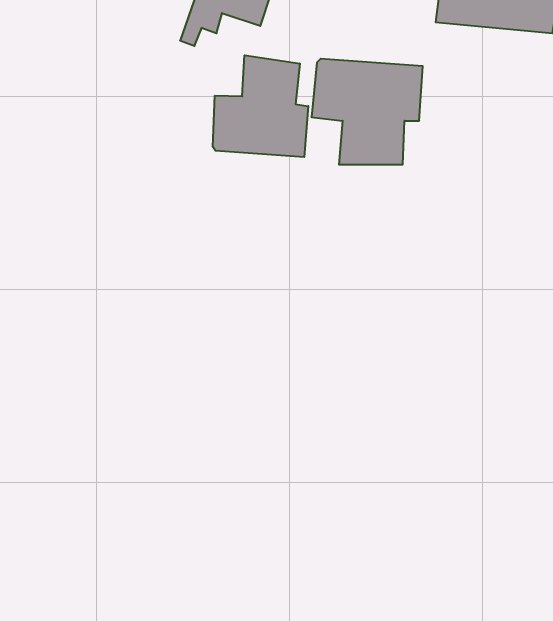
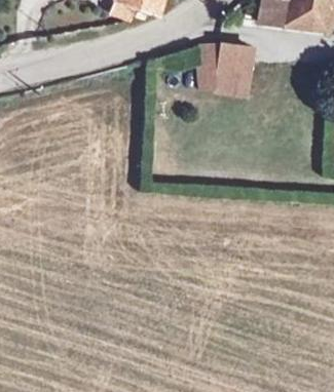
building: [213,55,308,157] -> none

